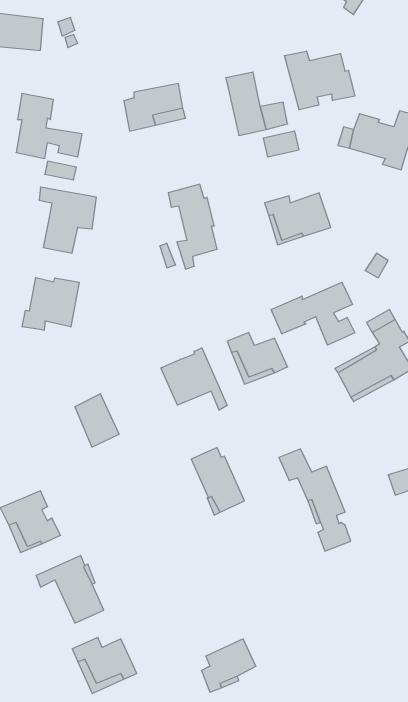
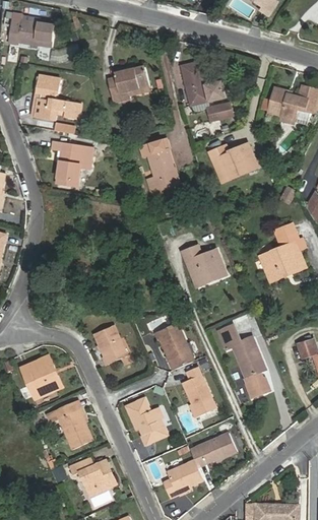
building: [284,51,355,110] -> none
building: [22,277,79,330] -> none
building: [271,282,355,345] -> none
building: [161,348,227,410] -> none
building: [75,394,119,447] -> [97,326,128,364]
building: none -> [182,367,215,415]
building: none -> [128,397,169,444]
building: none -> [189,432,236,478]

